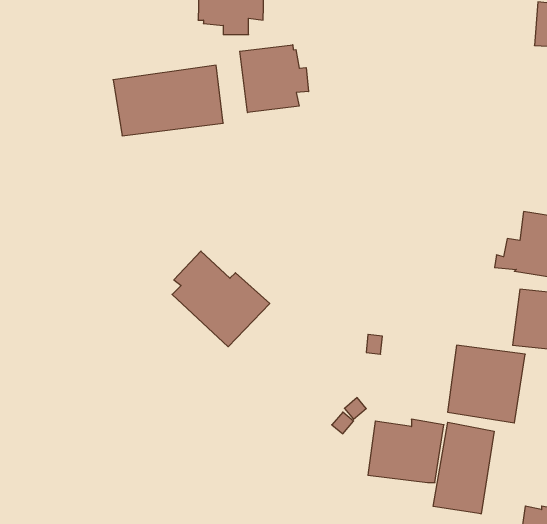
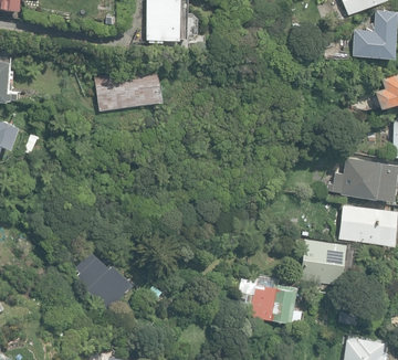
building: [240,45,309,113] -> none
building: [172,251,270,347] -> [74,251,134,309]
building: [433,422,494,514] -> none

